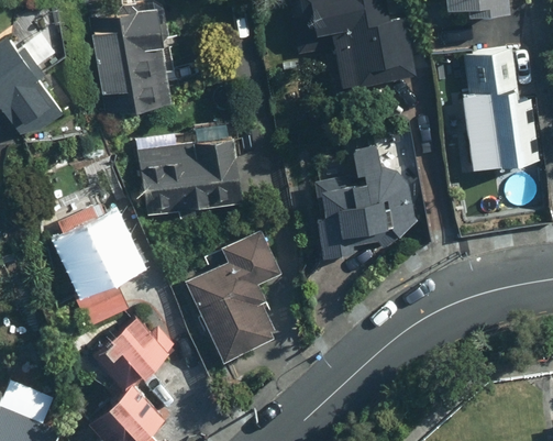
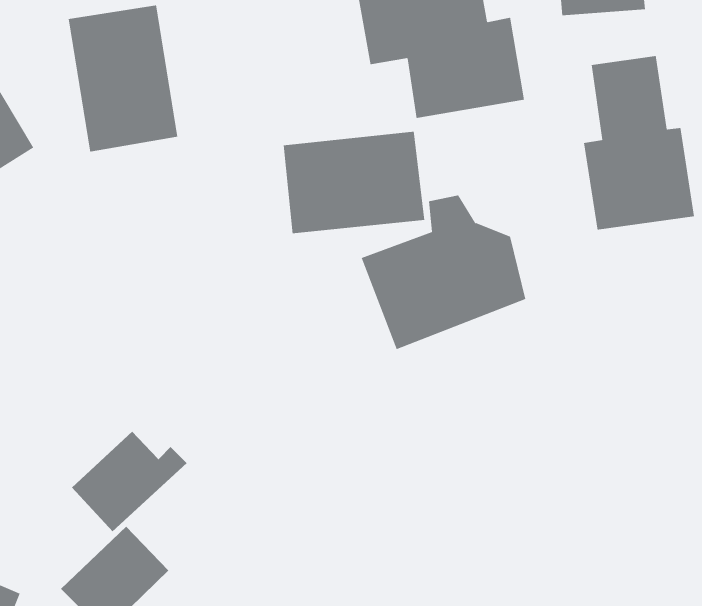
building: [141,139,243,212] -> [283,131,425,234]
building: [51,207,135,326] -> none
building: [187,230,278,362] -> none

